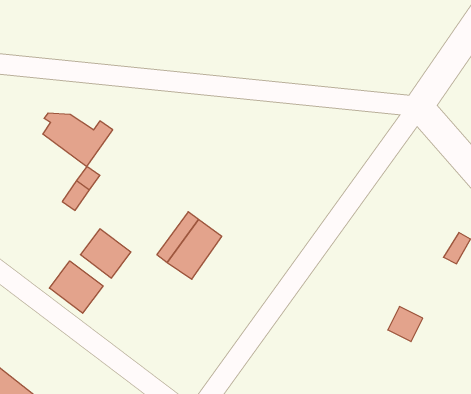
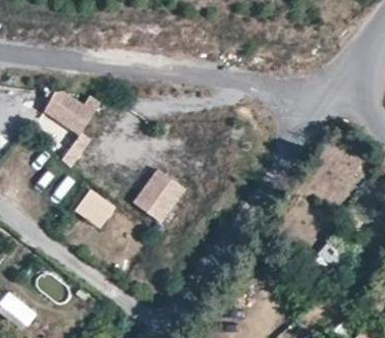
building: [49,261,103,313] -> none

